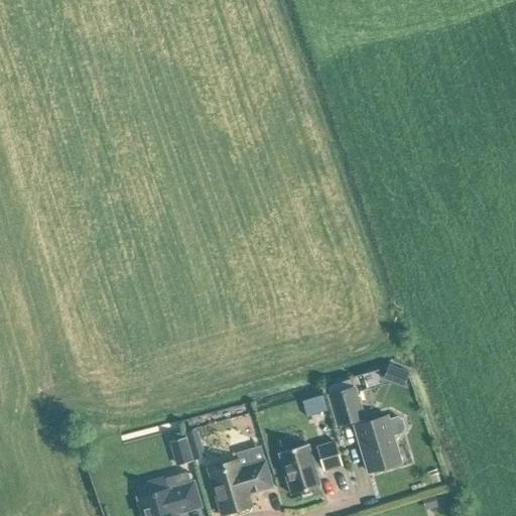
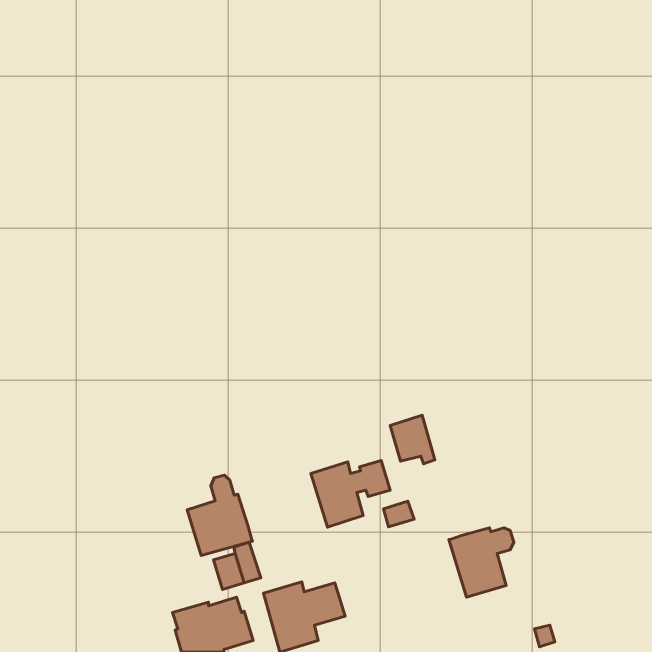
building: none -> [187,475,252,555]
building: [330,387,365,425] -> [390,415,435,464]
building: [279,441,342,494] -> [311,461,390,527]

